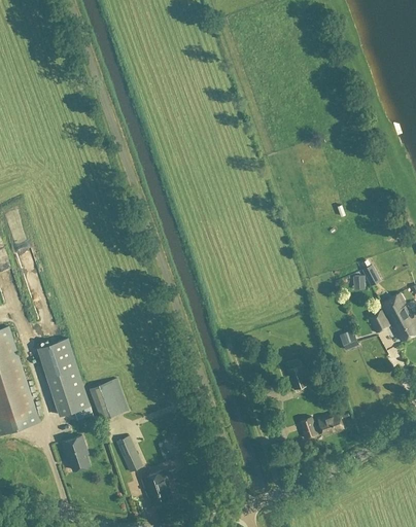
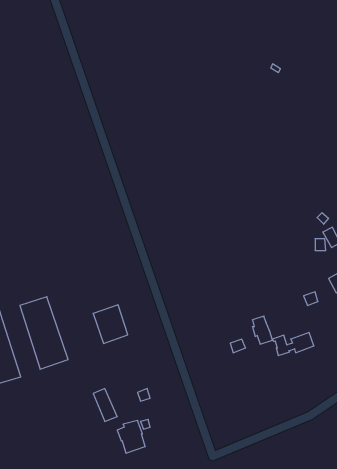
building: [89,379,126,420] -> [93,305,128,343]
building: [299,413,343,437] -> [272,332,314,356]
building: [62,434,89,469] -> none

